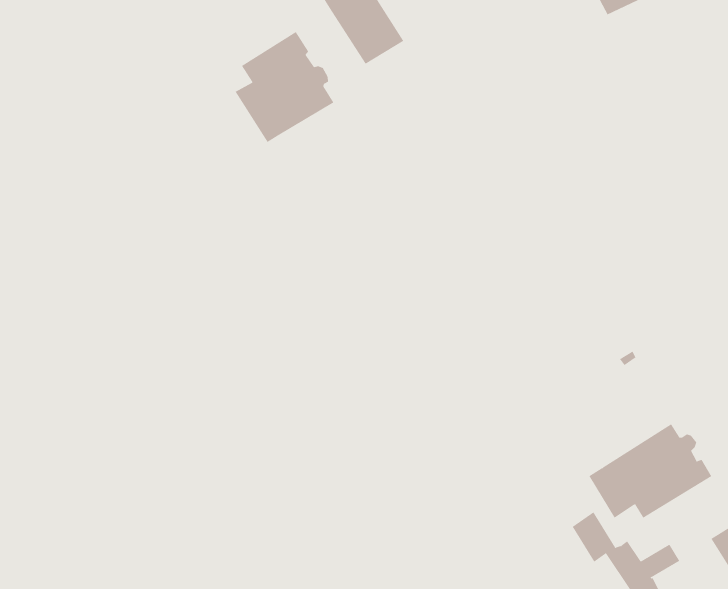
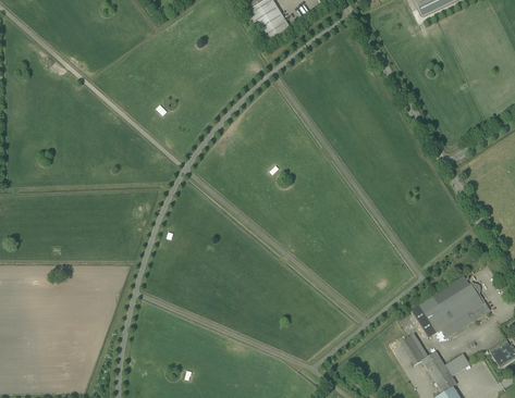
building: [235,31,334,143] -> none

